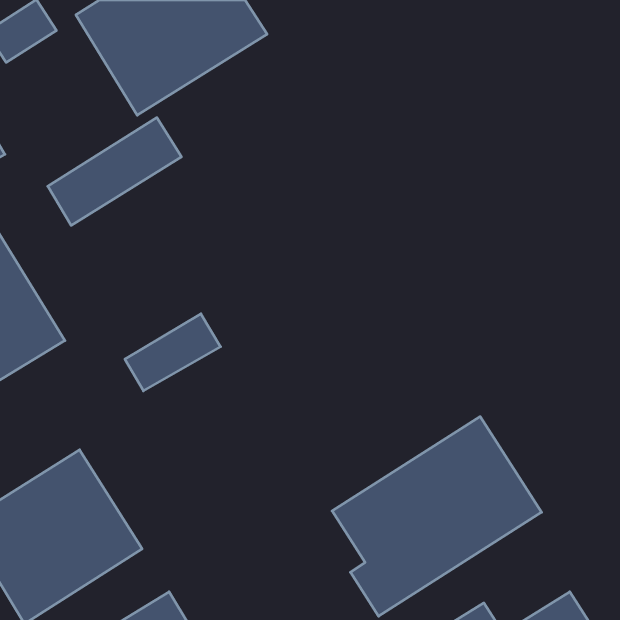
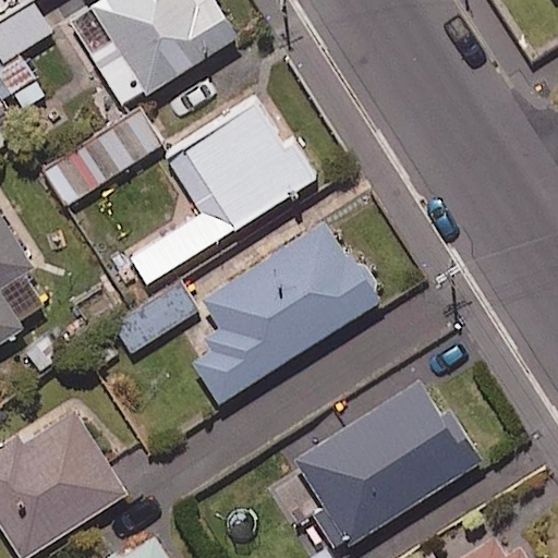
building: none -> [128,101,316,284]
building: none -> [183,219,378,403]

